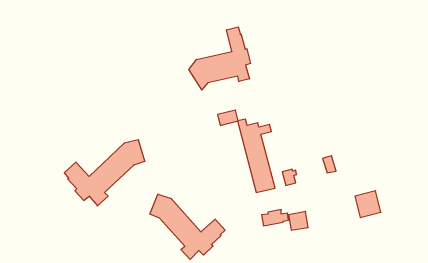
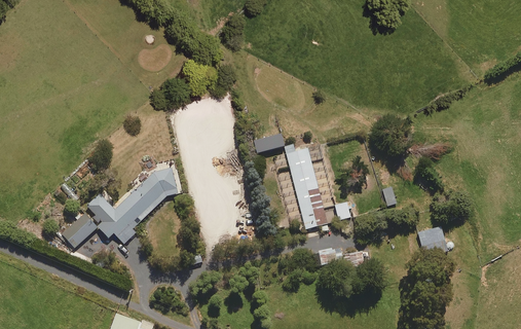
building: [189,27,251,90] -> none
building: none -> [62,212,97,247]
building: [150,194,225,259] -> none

